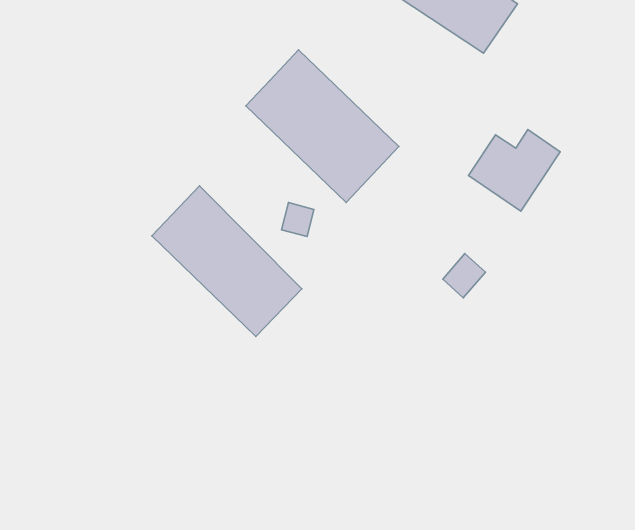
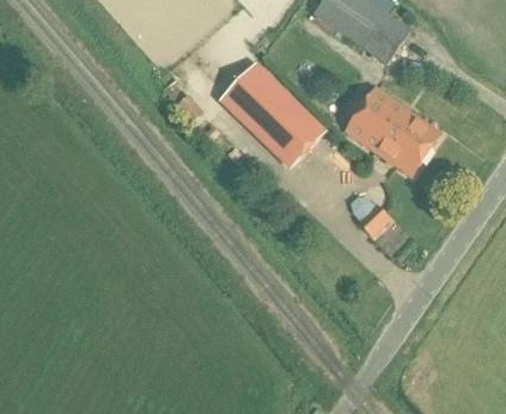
building: none -> [347,89,417,150]
building: [152,186,302,337] -> none

